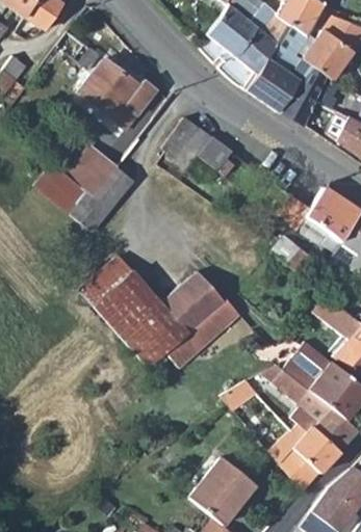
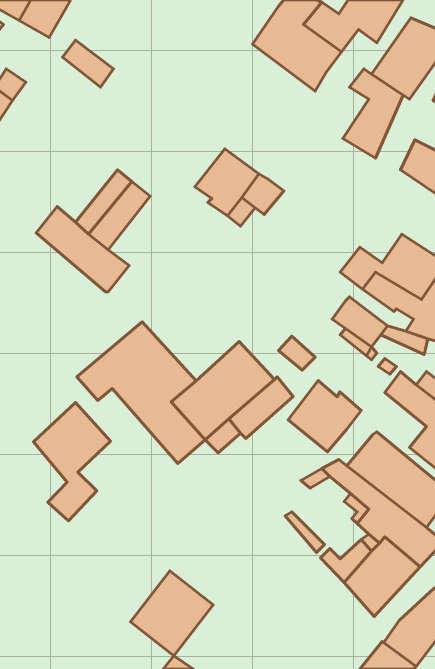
building: [247,24,310,111] -> none
building: [79,60,157,129] -> none
building: [94,156,145,211] -> none
building: none -> [288,381,361,452]
building: none -> [34,402,111,521]
building: [189,457,255,525] -> [131,571,213,656]

